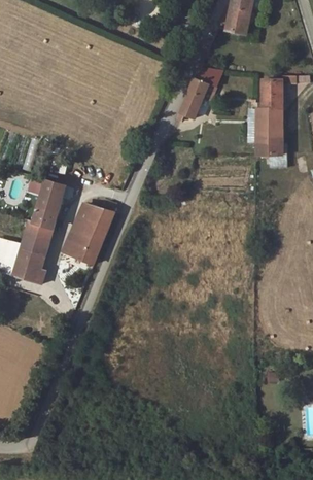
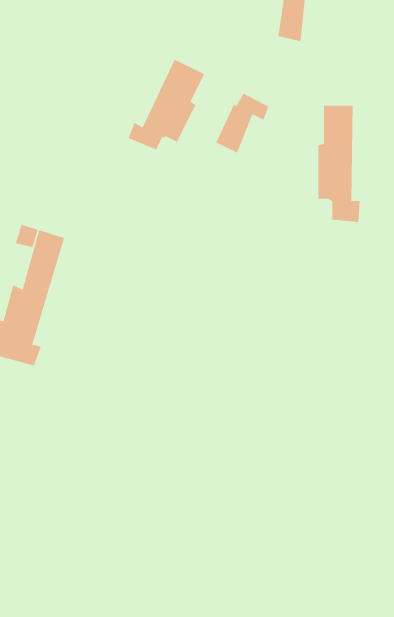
building: none -> [128,59,205,150]
building: [67,202,115,259] -> none

